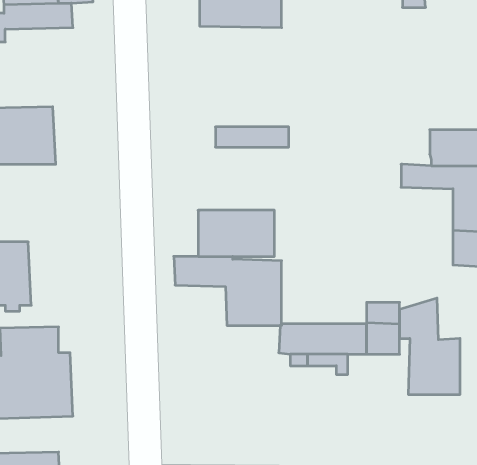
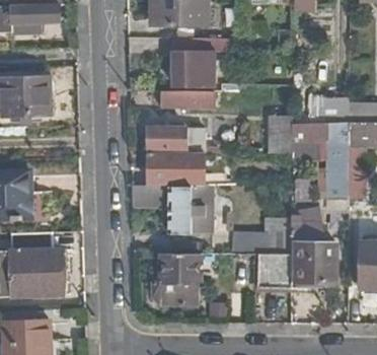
building: none -> [171,38,246,86]
building: none -> [269,117,292,154]
building: none -> [149,128,202,152]
building: none -> [151,253,198,303]
building: none -> [256,254,290,287]

